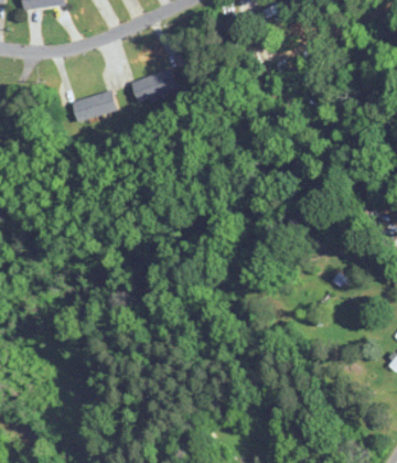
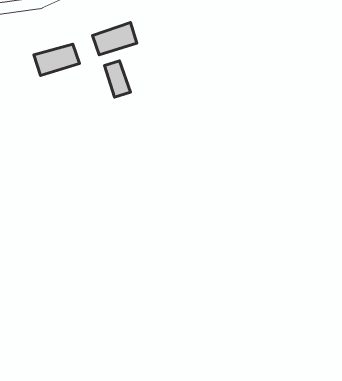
building: none -> [104,61,130,97]

